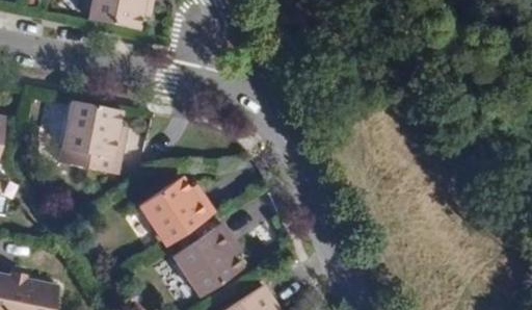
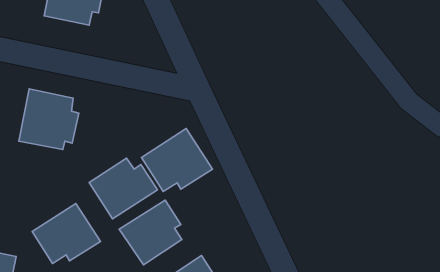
building: none -> [141,128,213,192]
building: none -> [32,203,100,264]

